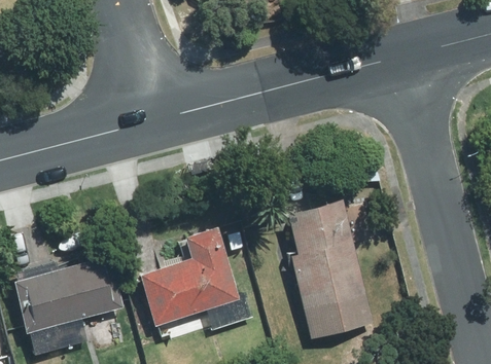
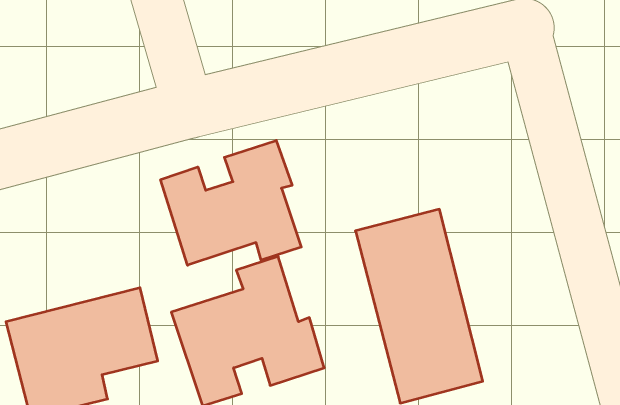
building: none -> [161,140,301,265]

